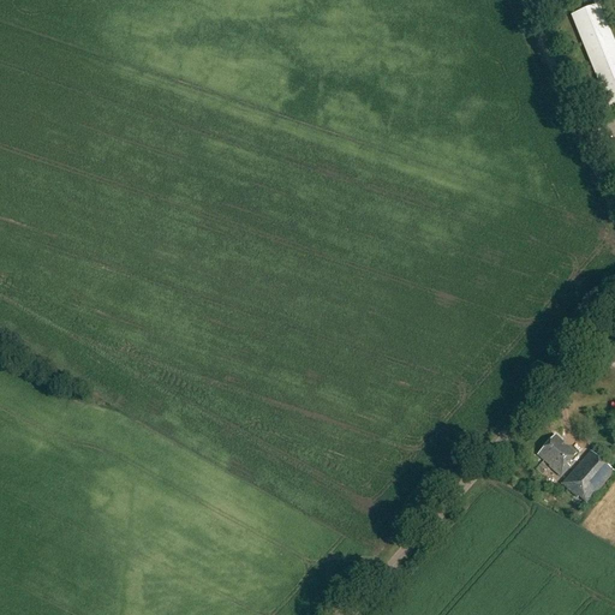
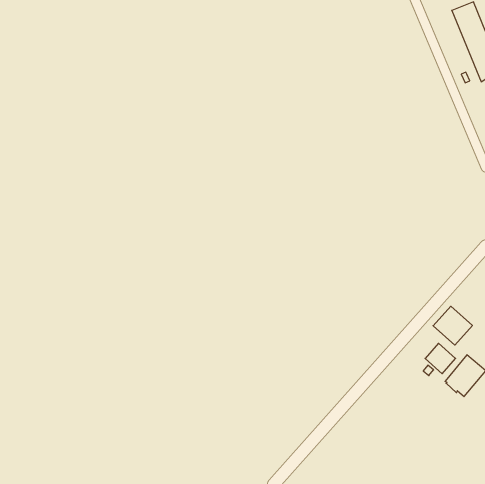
building: none -> [433,306,472,345]

